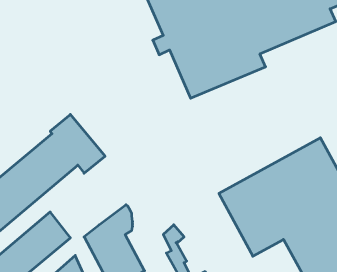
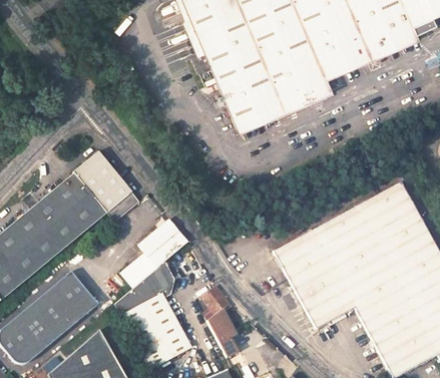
building: none -> [115,222,184,290]

